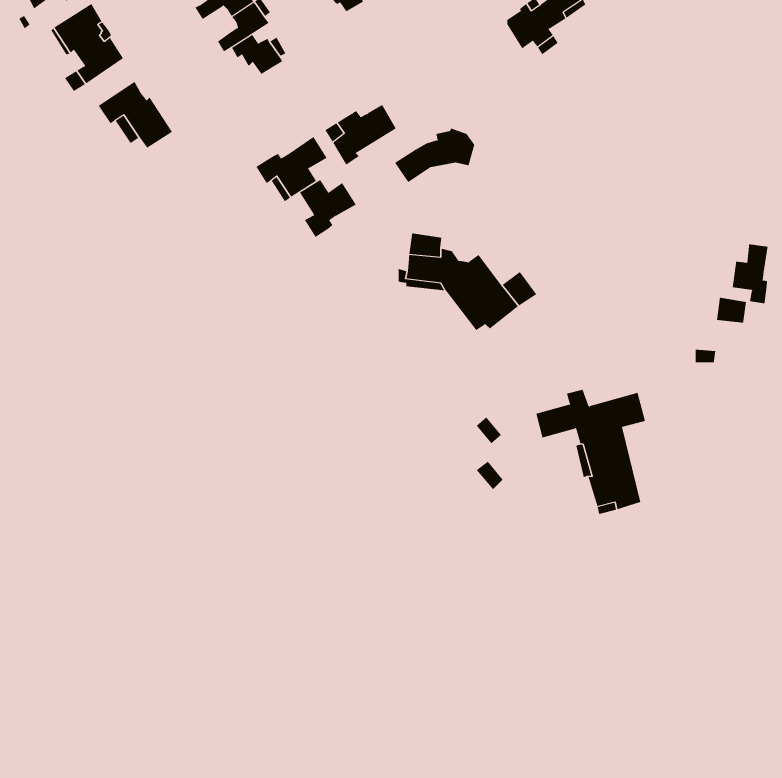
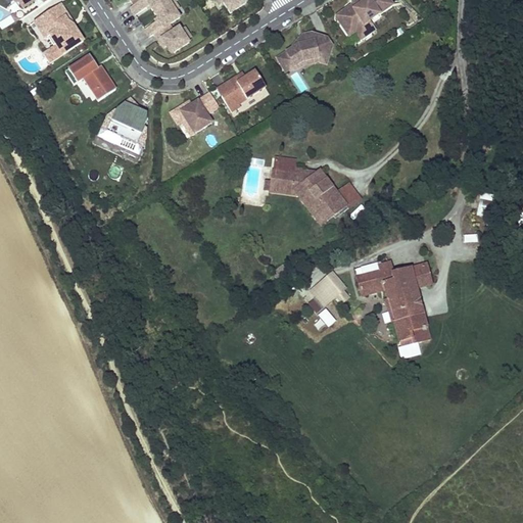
building: [394,128,475,183] -> [277,33,331,69]
building: none -> [97,101,152,154]
building: [299,179,357,238] -> none
building: [732,243,768,304] -> none

